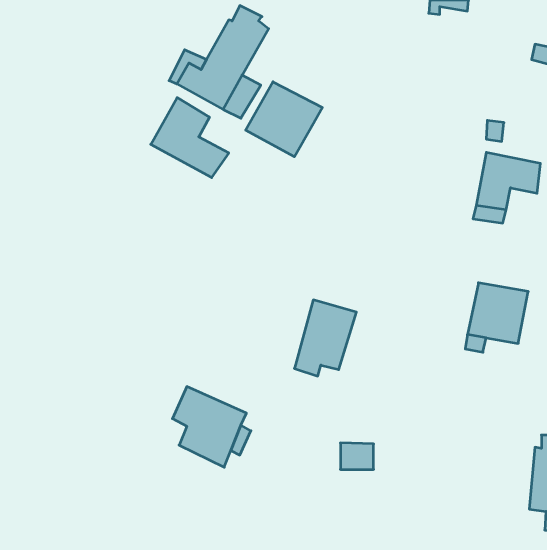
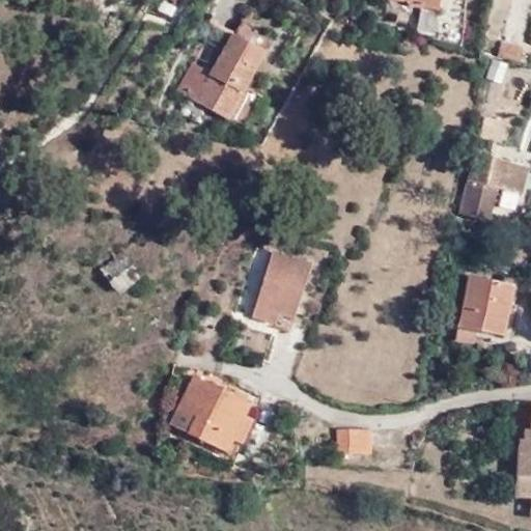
building: [246,82,322,157] -> none
building: [151,98,229,178] -> none
building: [294,300,356,376] -> [251,251,309,323]

